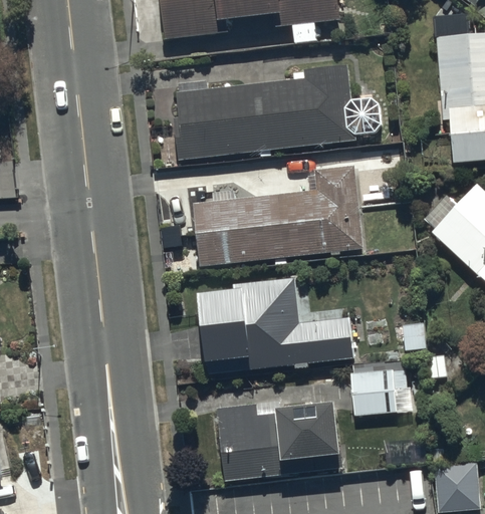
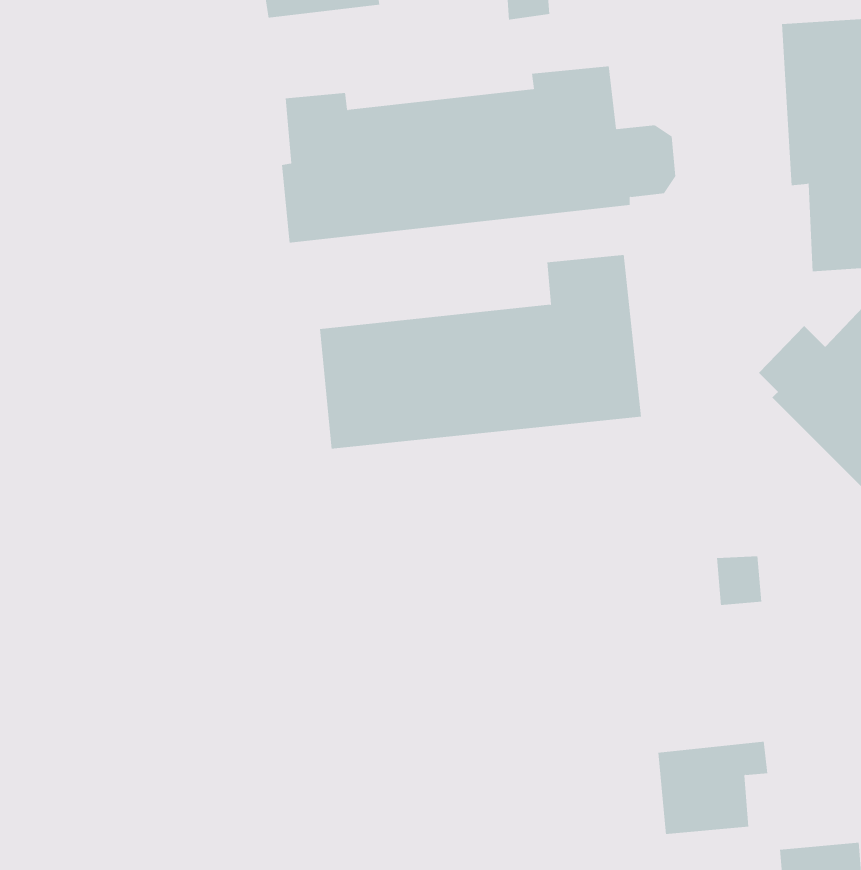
building: [198,277,355,377] -> none
building: [350,365,409,415] -> [657,741,768,835]
building: [216,405,341,480] -> none

